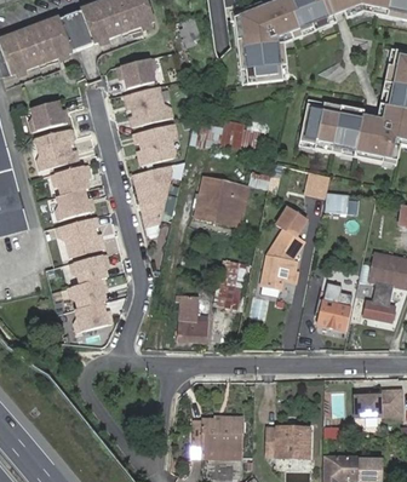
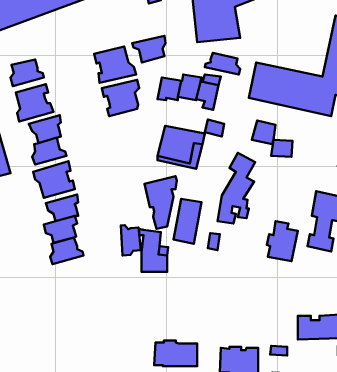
building: [117,58,155,88] -> [132,36,166,63]
building: none -> [205,53,240,75]
building: [133,166,170,225] -> [145,176,177,229]
building: none -> [121,225,141,255]

